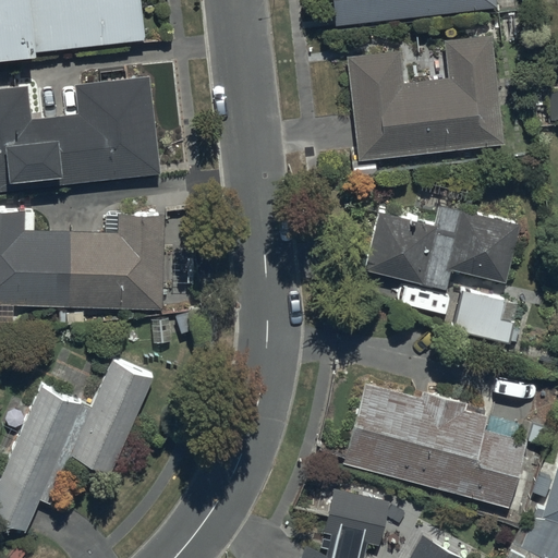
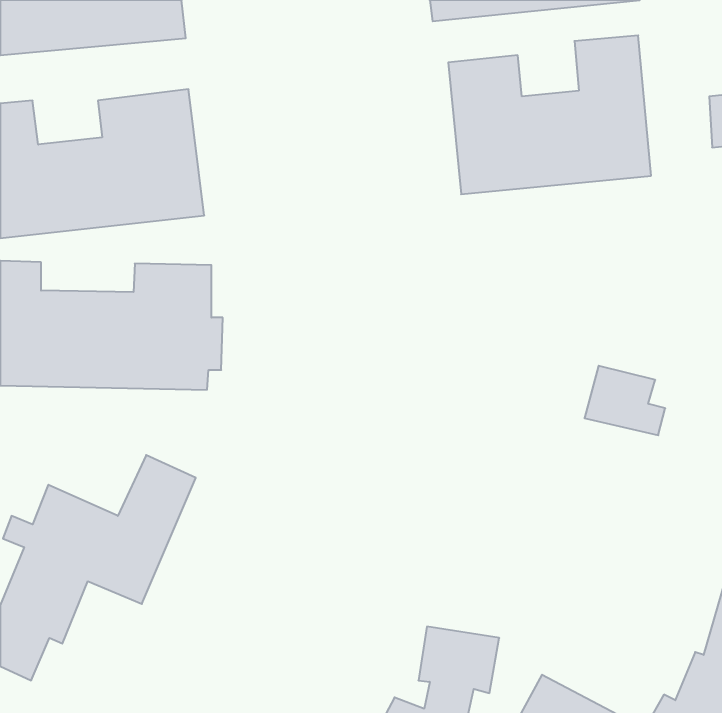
building: [362,204,518,290] -> none
building: [342,381,525,508] -> none

